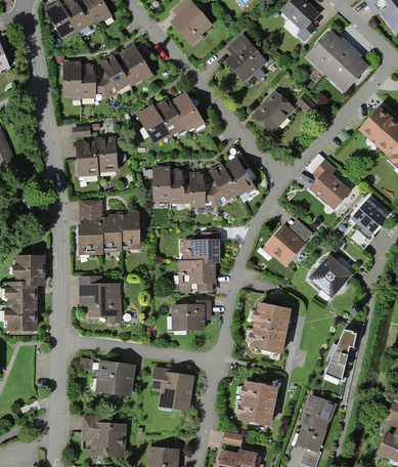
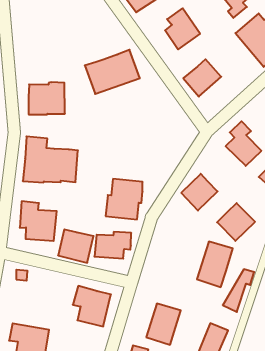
building: [62,44,152,97] -> none
building: [153,155,255,206] -> none
building: [252,301,290,352] -> [197,242,233,287]
building: [95,362,134,397] -> [58,229,94,263]

